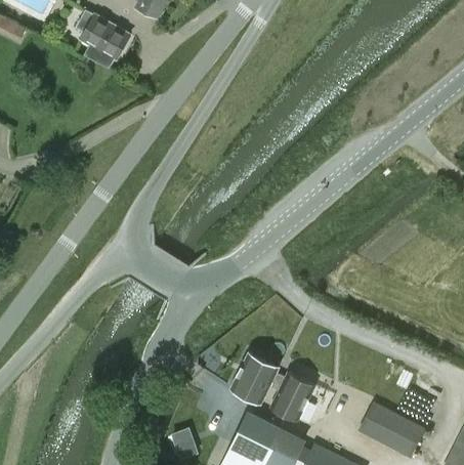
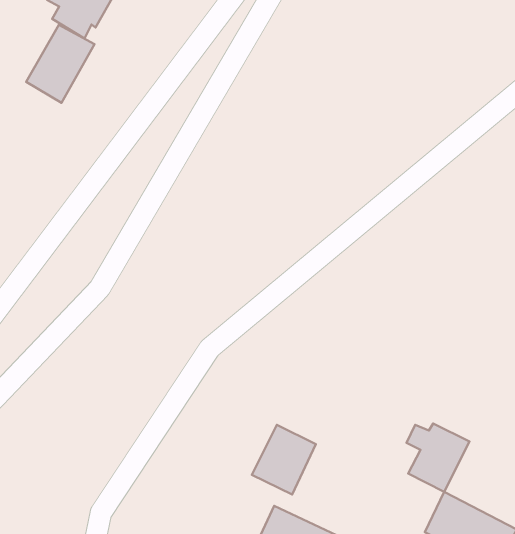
building: none -> [26,25,95,103]
building: [268,373,314,423] -> [407,423,469,492]

